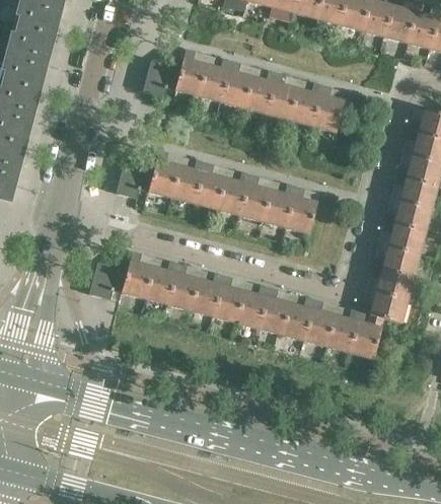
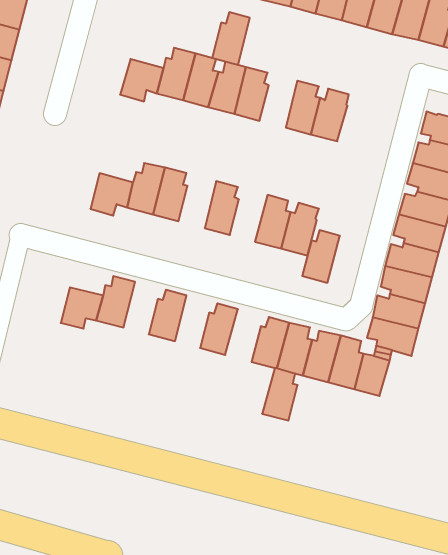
building: [266,74,299,121] -> [212,12,250,65]
building: [194,163,227,210] -> none
building: [239,175,273,222] -> [302,230,340,283]
building: [145,258,175,304] -> none
building: [191,270,221,316] -> none
building: [235,282,267,329] -> [262,368,298,421]

